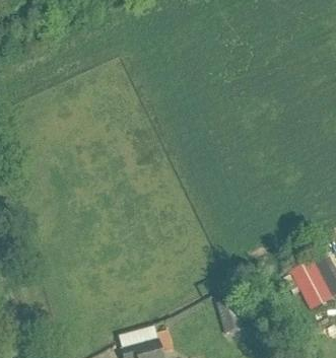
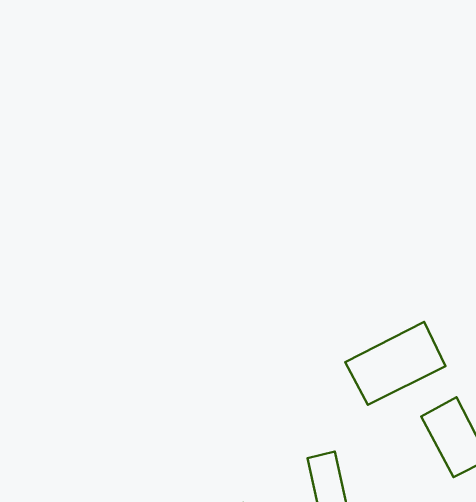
building: none -> [345,322,445,405]

